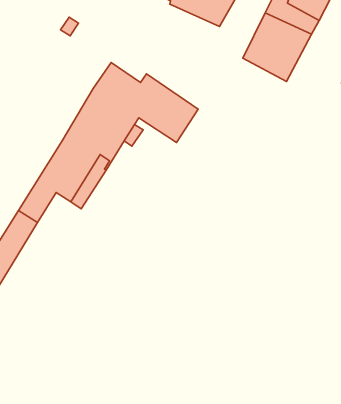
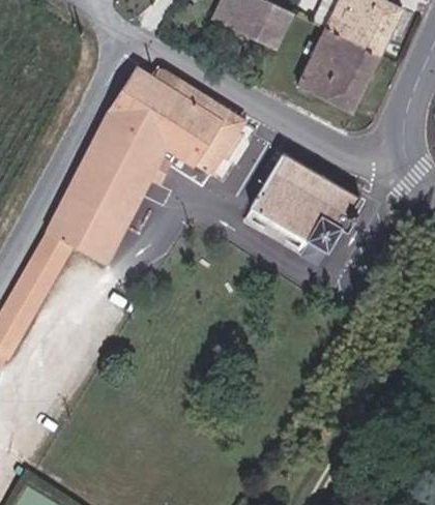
building: none -> [245,150,357,258]

